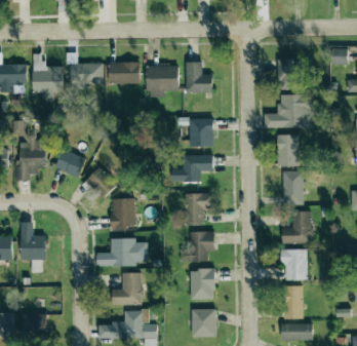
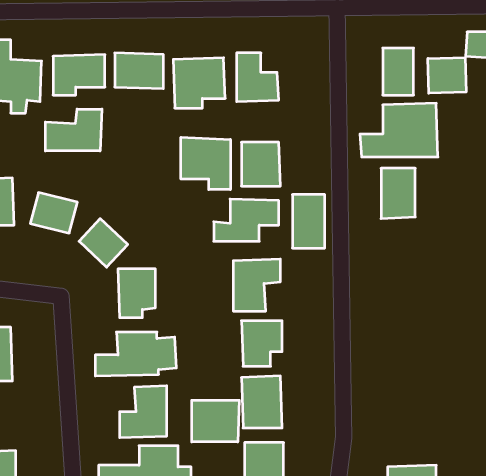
building: none -> [428,57,466,93]
building: none -> [45,109,102,151]
building: none -> [181,137,230,190]
building: [282,170,303,204] -> [292,195,325,248]
building: [281,210,311,242] -> none
building: [282,248,307,280] -> none
building: none -> [192,400,239,442]
building: [283,285,303,318] -> none

